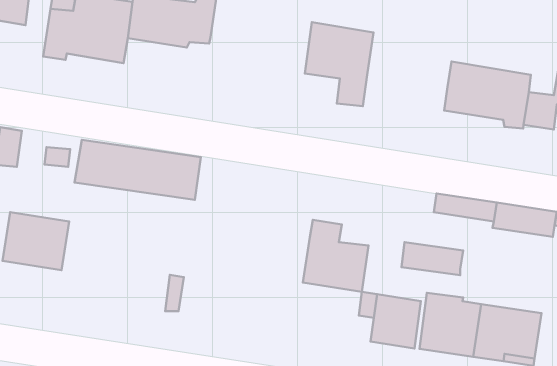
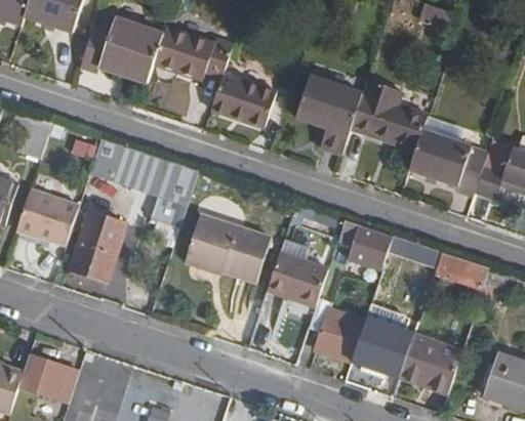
building: none -> [351,77,429,148]
building: none -> [212,72,279,126]
building: none -> [184,214,271,281]
building: none -> [72,213,125,283]
building: [401,242,463,275] -> [337,220,392,256]

